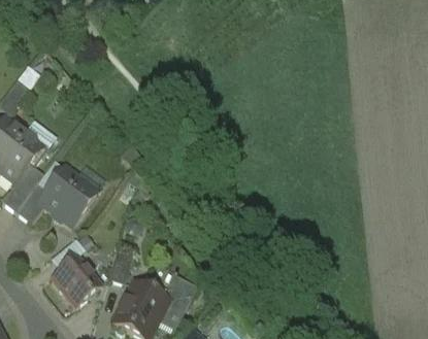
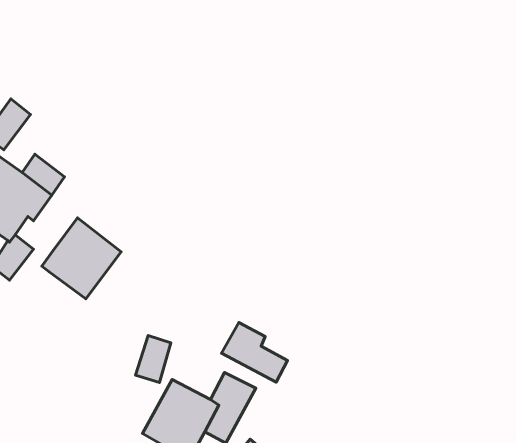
building: [15,182,47,223] -> none
building: none -> [222,322,288,382]
building: [52,257,100,306] -> none

